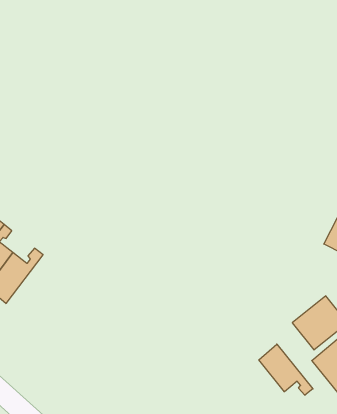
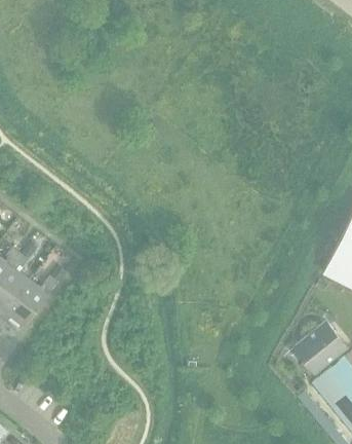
building: [259,344,313,395] -> none

